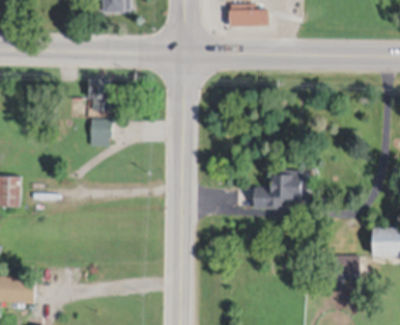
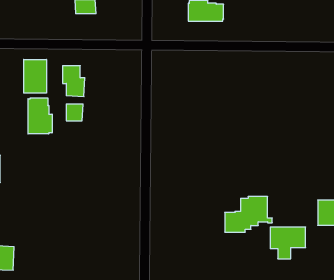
building: none -> [24,59,46,93]
building: none -> [28,98,52,134]
building: [253,169,306,209] -> [225,197,272,232]

